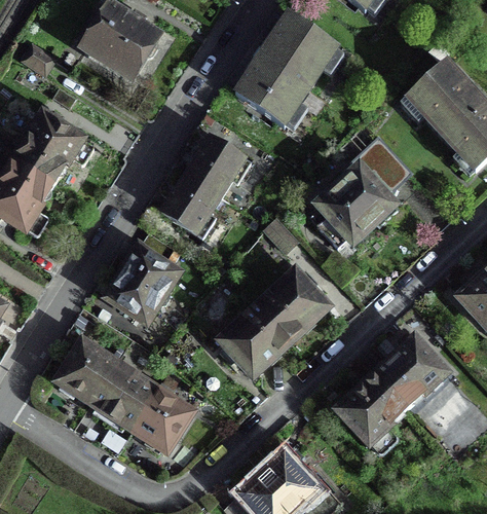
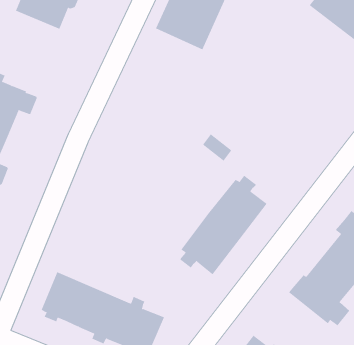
building: [307,126,410,247] -> none
building: [160,135,250,237] -> none
building: [104,230,177,322] -> none

